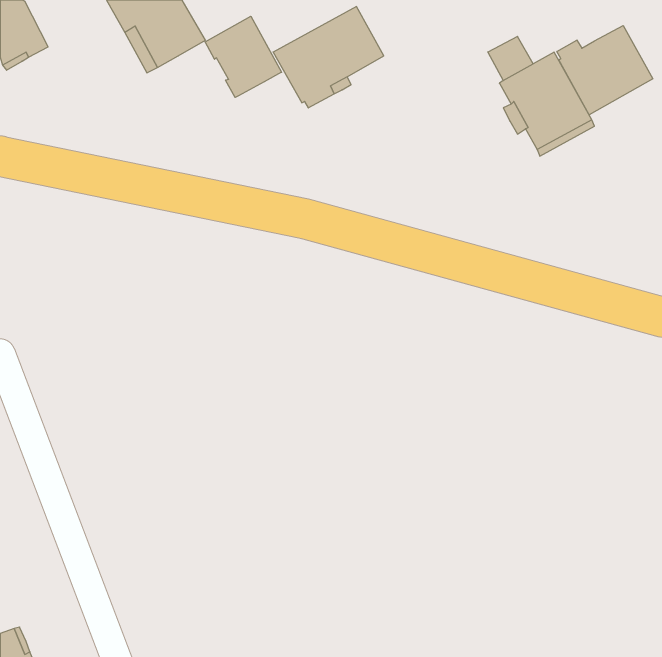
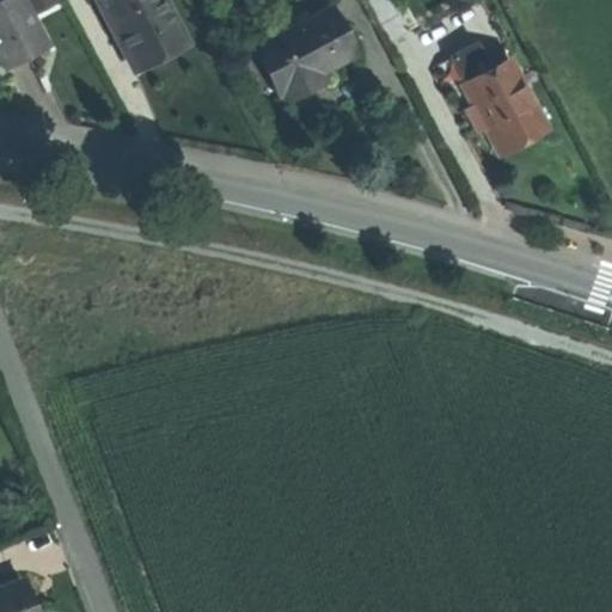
building: [205,16,282,97] -> none
building: [557,26,653,115] -> none

